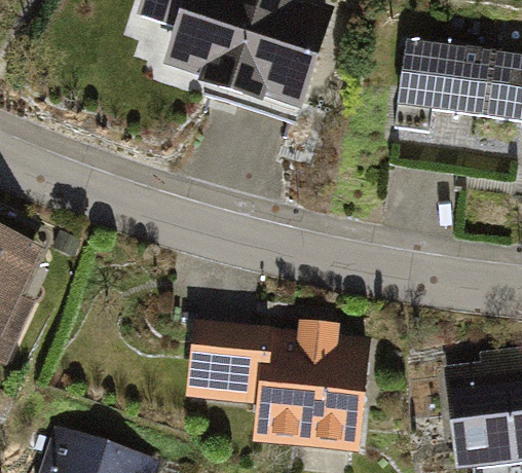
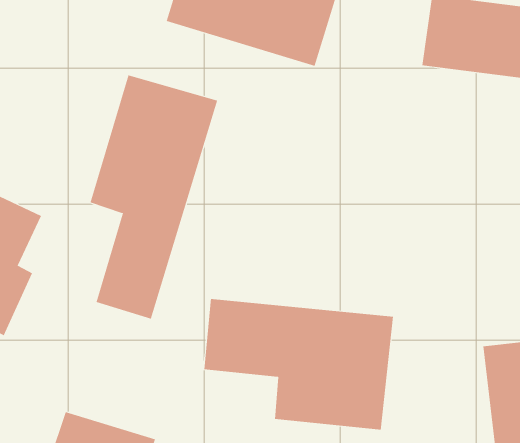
building: none -> [90,75,218,319]

